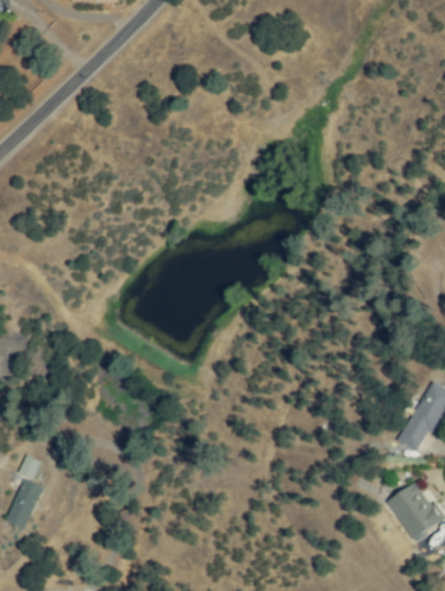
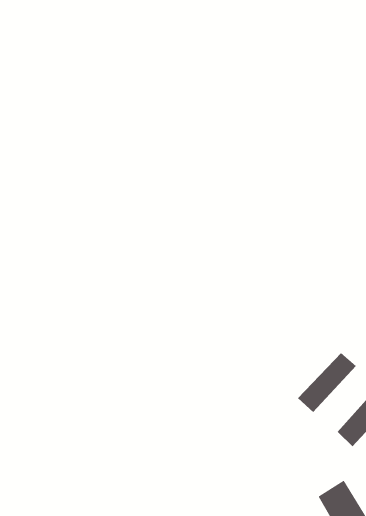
building: none -> [297,352,357,413]

